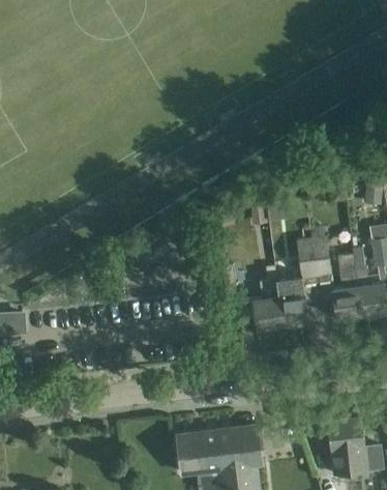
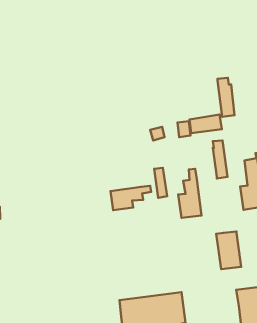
building: [309,227,331,277] -> [217,78,234,117]
building: [276,277,308,325] -> [216,231,241,269]
building: none -> [110,186,151,210]

